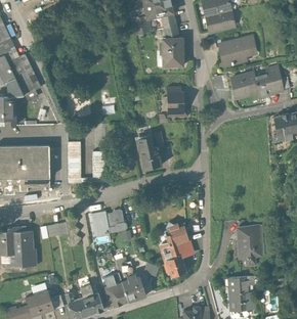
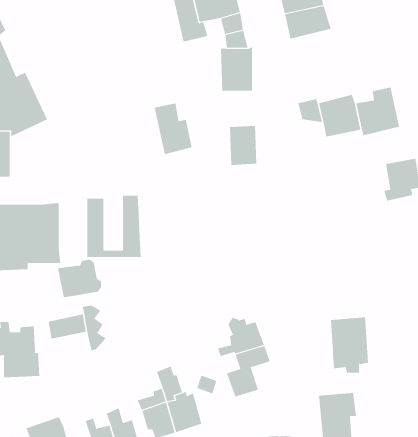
building: [216,34,259,67] -> none
building: [133,137,160,173] -> [154,103,192,155]
building: [97,209,128,235] -> [57,259,102,298]

